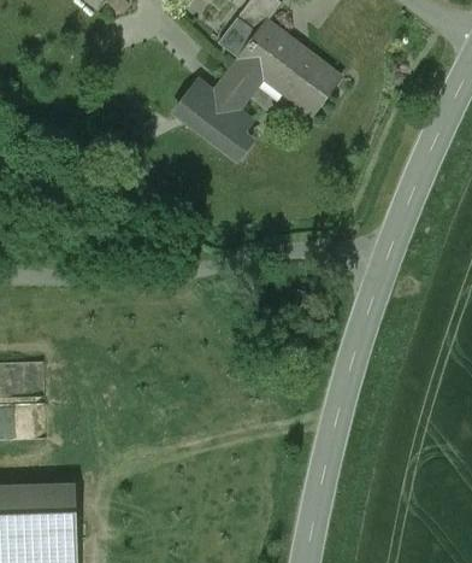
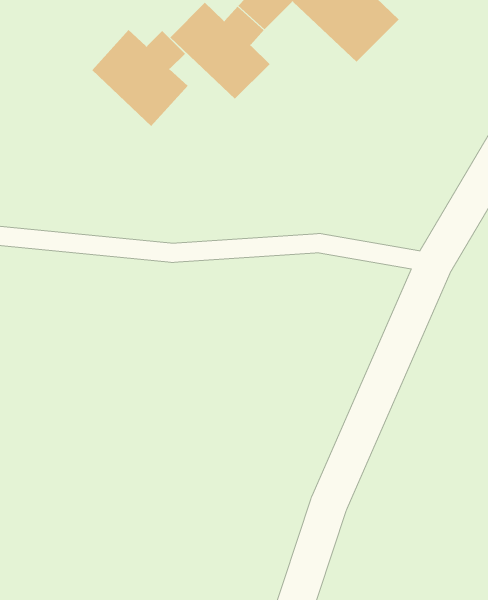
building: none -> [91,29,188,127]

